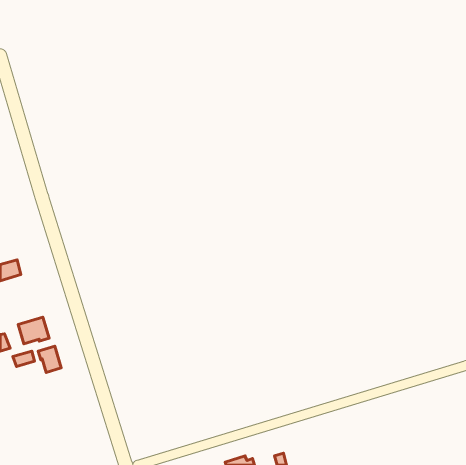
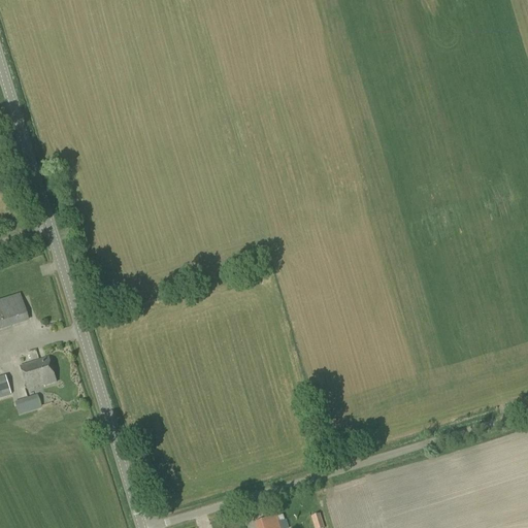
building: [38,346,61,372] -> none

